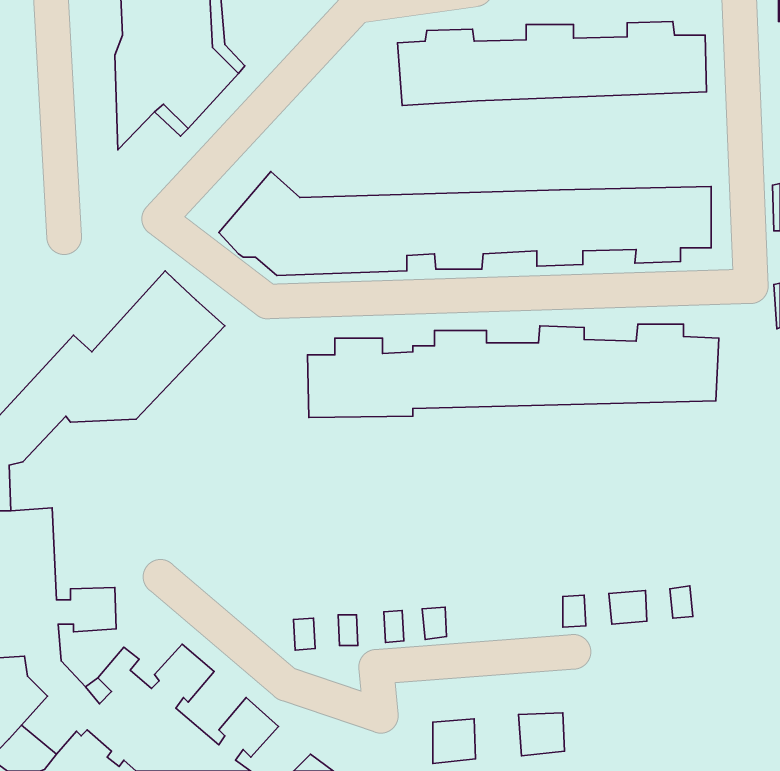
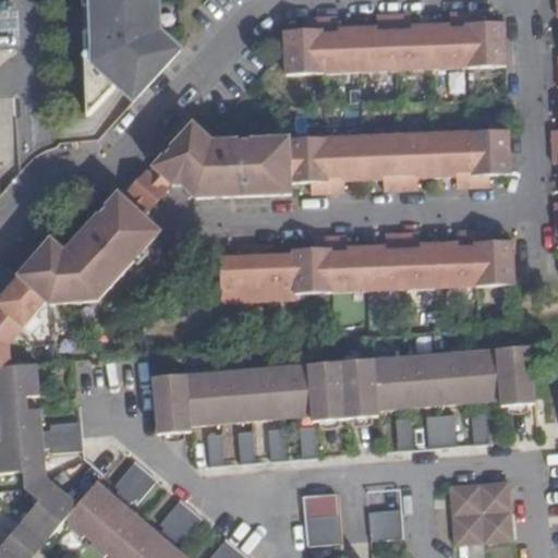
building: none -> [124,166,170,214]
building: none -> [154,345,534,439]
building: none -> [453,483,511,544]

